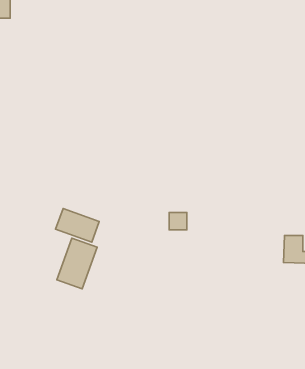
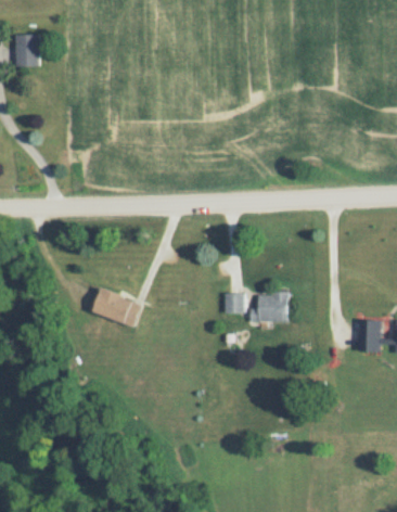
building: none -> [254,293,287,322]
building: [57,238,97,289] -> none

